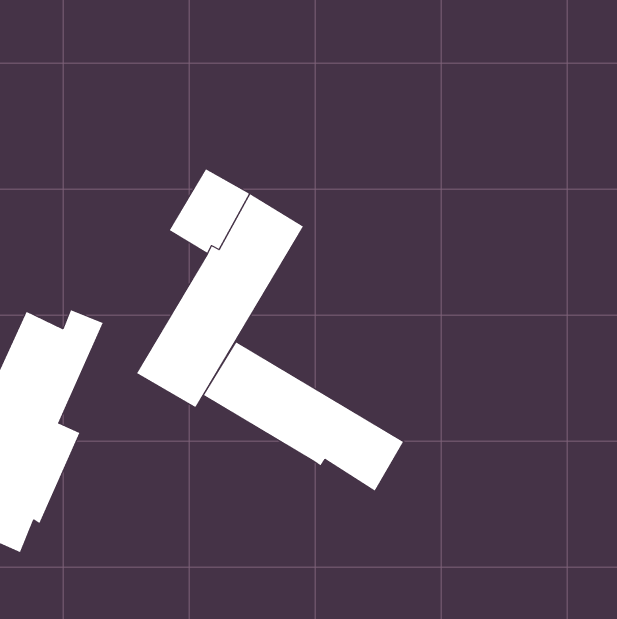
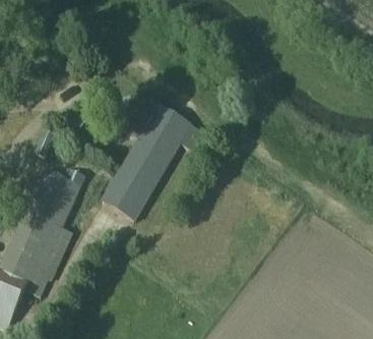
building: [203,342,404,492] -> none

